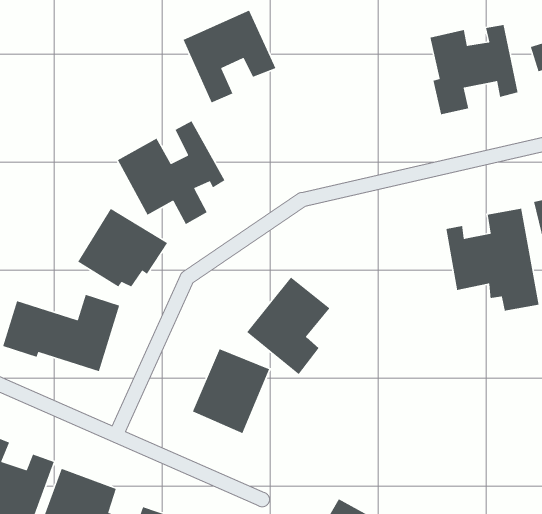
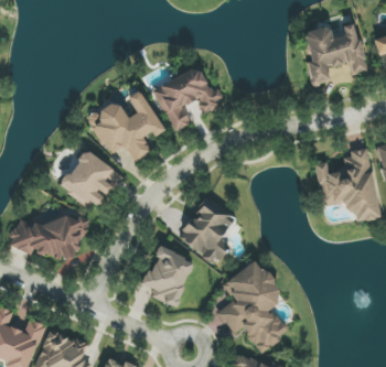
building: [182,9,277,103] -> [156,66,221,131]
building: none -> [218,259,288,353]

